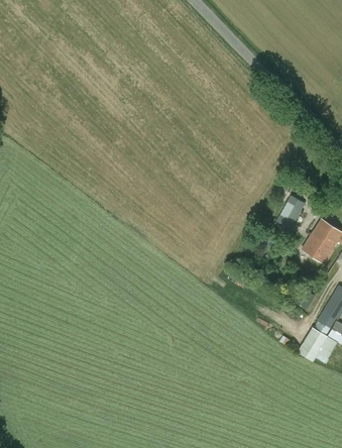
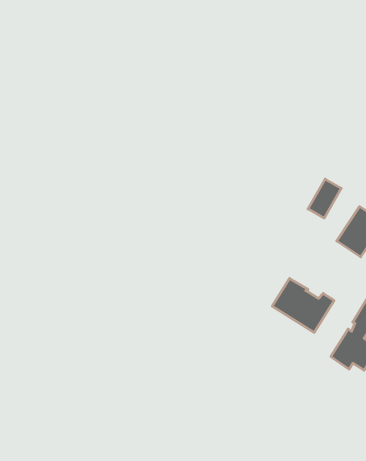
building: none -> [272,278,334,332]

